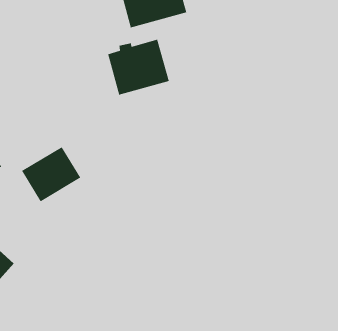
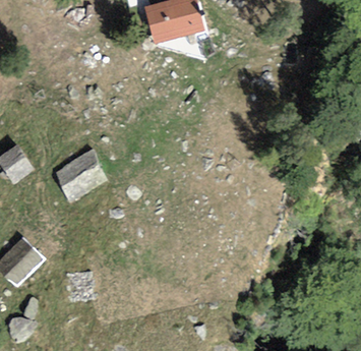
building: [108,39,170,96] -> none

